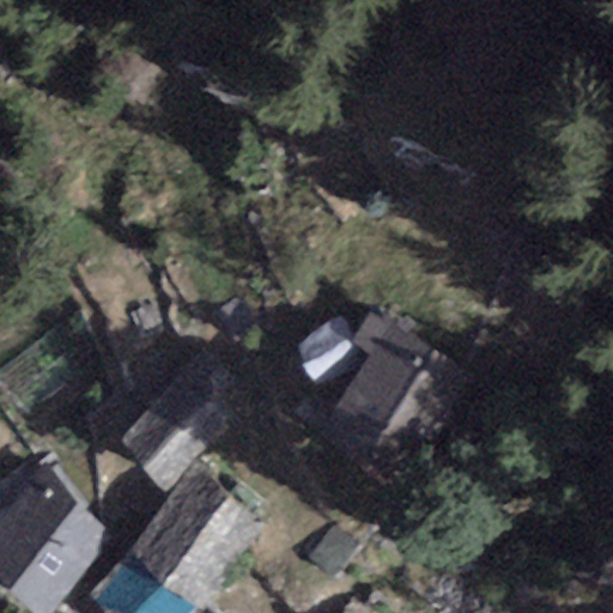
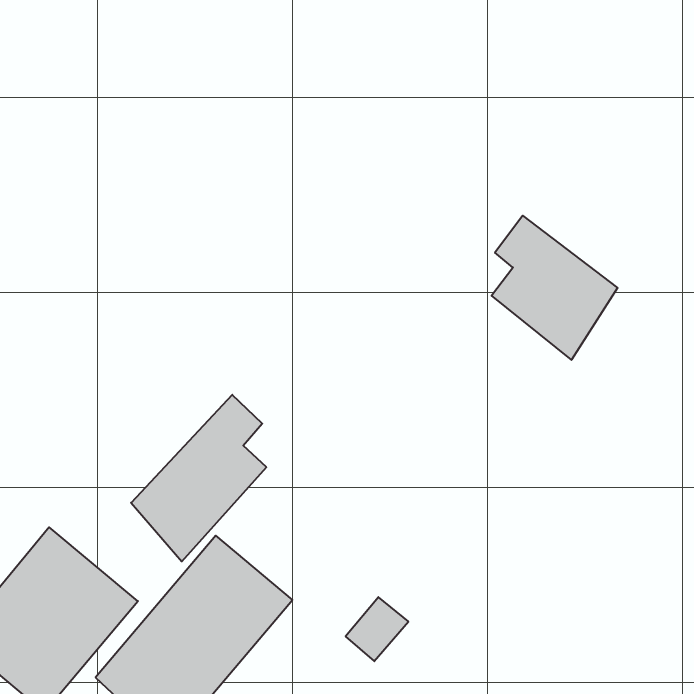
building: none -> [492,216,618,360]
building: [324,304,471,472] -> none

